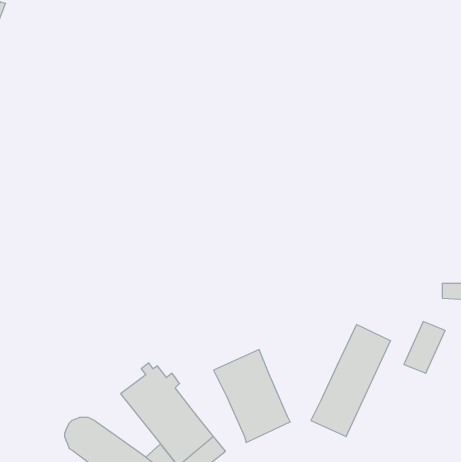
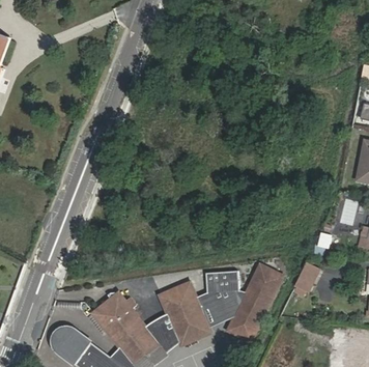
building: none -> [196,271,245,328]
building: none -> [145,314,179,352]

